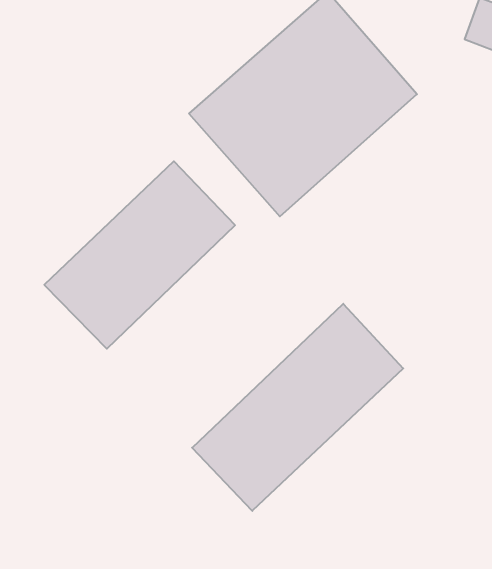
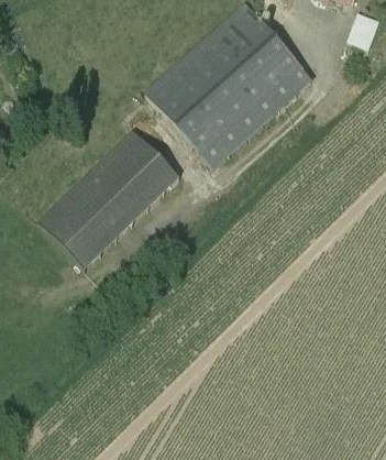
building: [192,304,403,511] -> none

